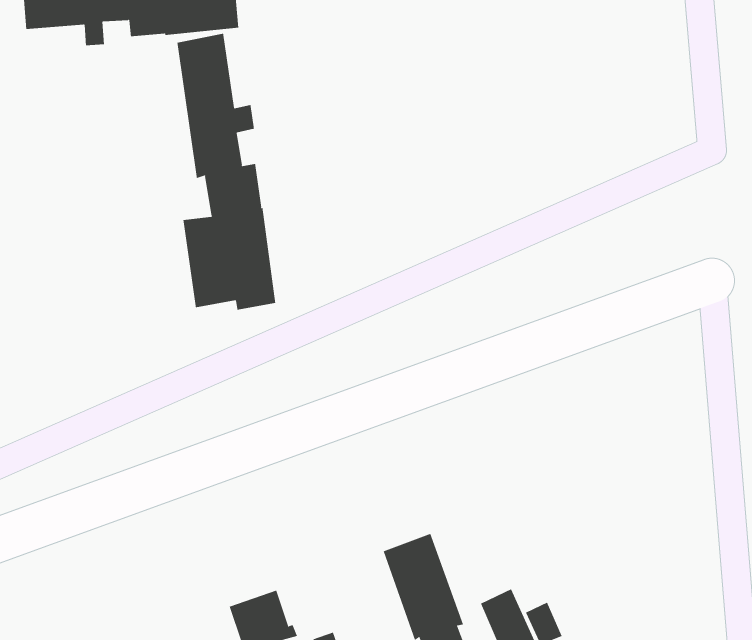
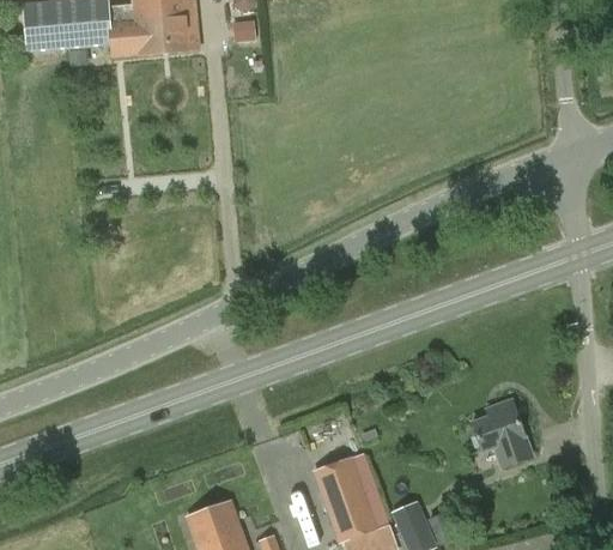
building: [177,33,276,310] -> none
building: none -> [472,400,533,464]

